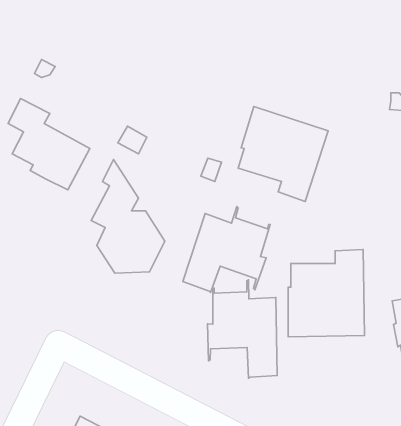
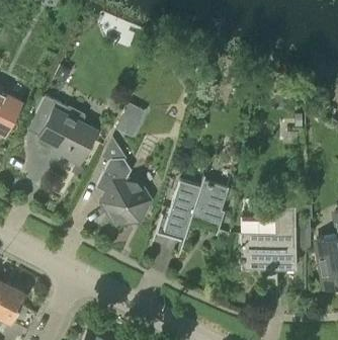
building: [238,106,328,202] -> none
building: [207,280,277,378] -> none

